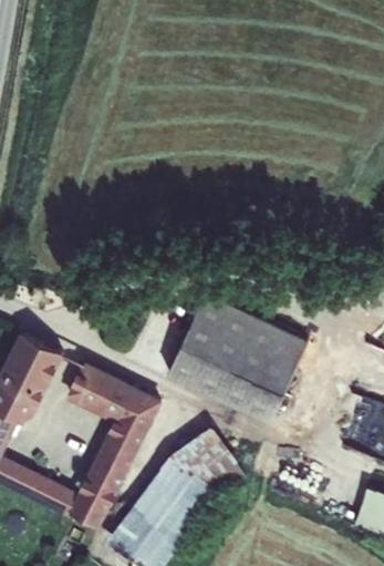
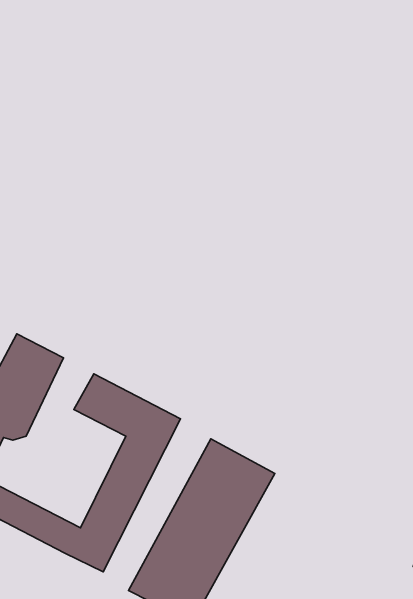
building: [167,290,308,420] -> none

